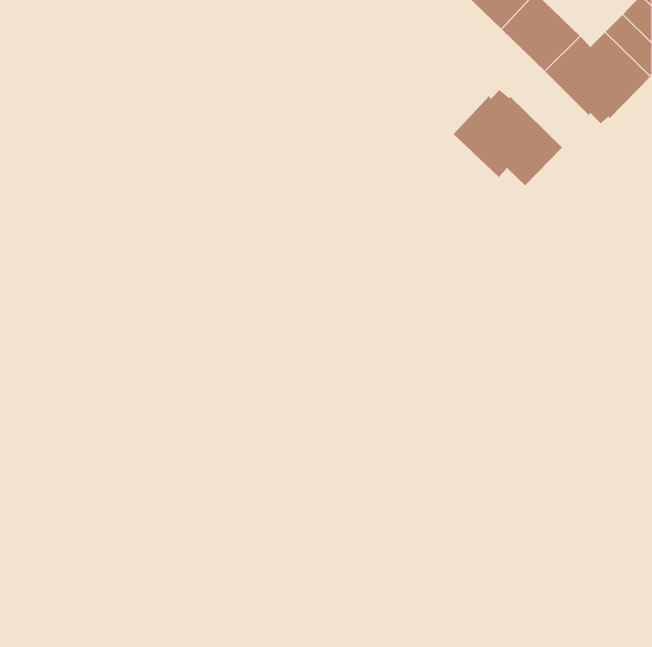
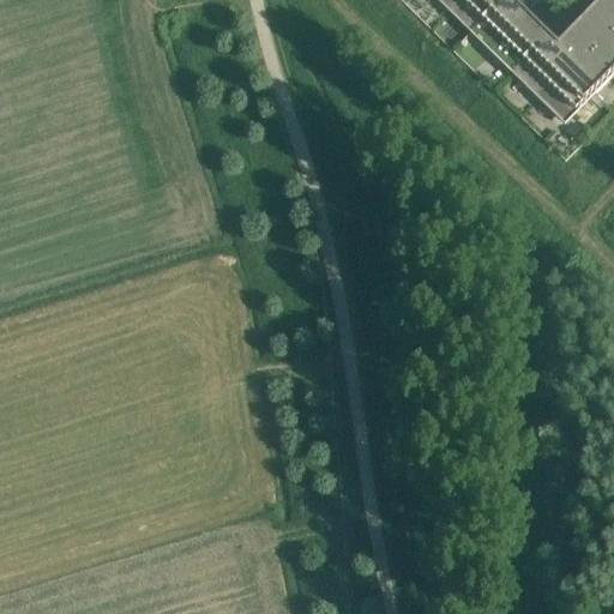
building: [453,89,563,186] -> none

